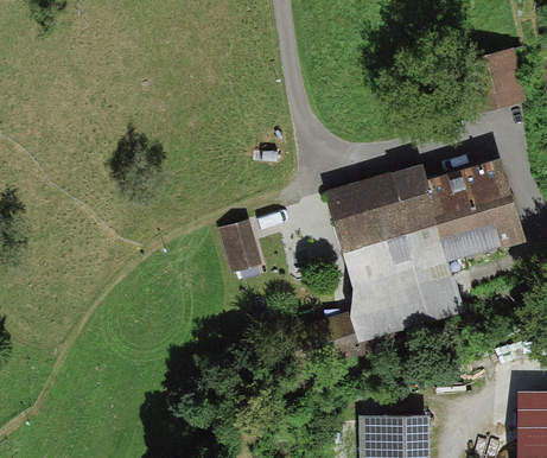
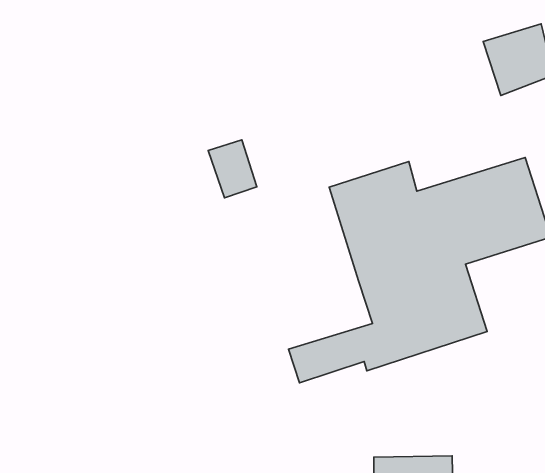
building: [216,222,259,273] -> [208,140,257,198]

